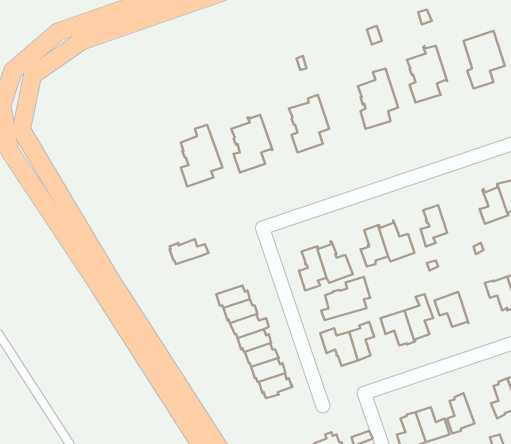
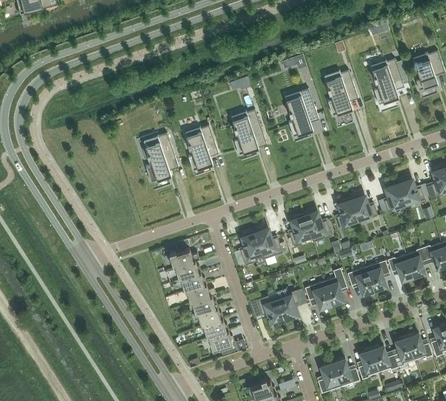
building: none -> [350,193,377,219]
building: [170,239,209,264] -> [168,248,199,268]
building: [321,277,370,320] -> none
building: none -> [366,260,389,291]
building: none -> [370,345,397,371]

